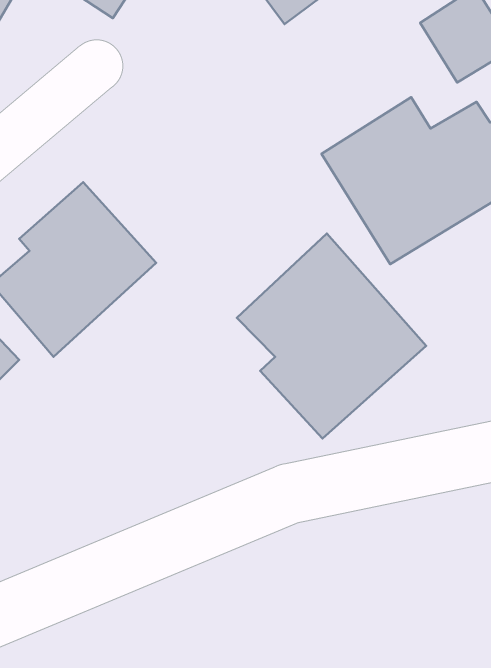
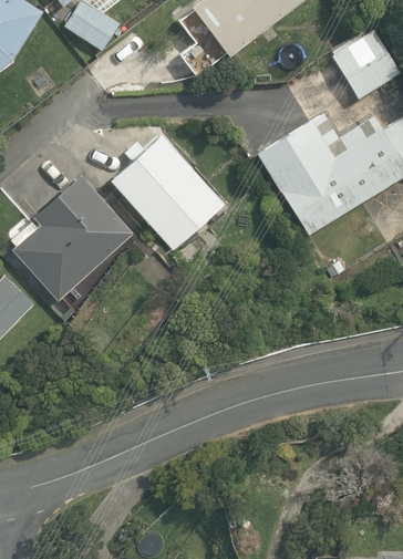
building: none -> [111,133,227,251]
building: [237,234,426,438] -> none

